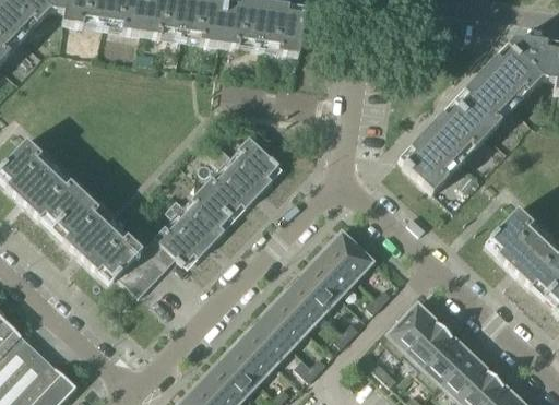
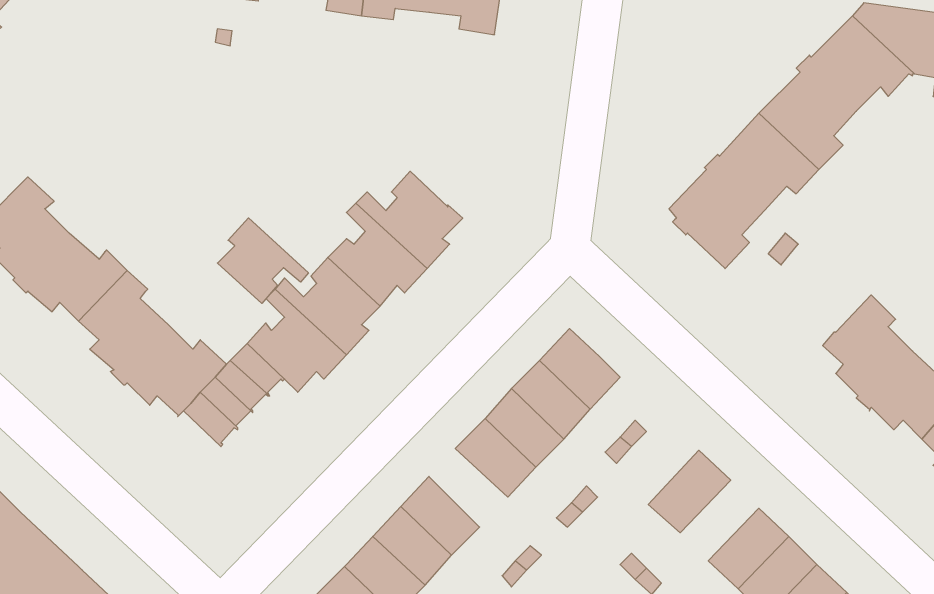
building: none -> [217,218,308,303]
building: [261,299,307,345] -> none
building: [407,318,453,365] -> none

